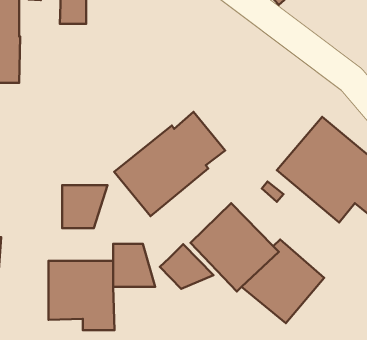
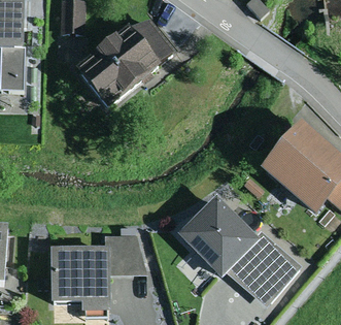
building: [114,112,225,216] -> [74,18,175,112]
building: [62,185,107,228] -> none
building: [160,244,213,289] -> none

